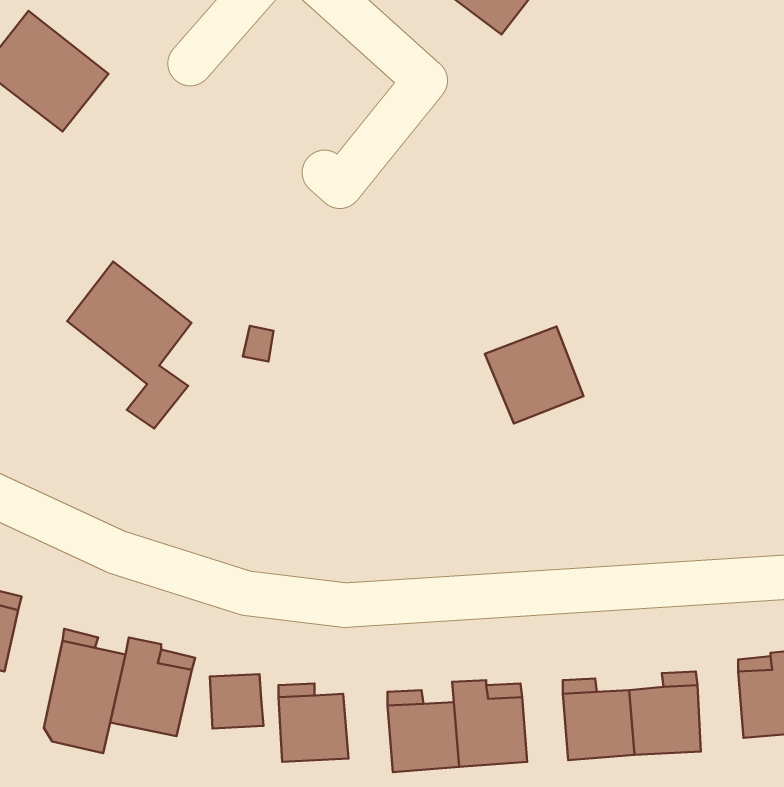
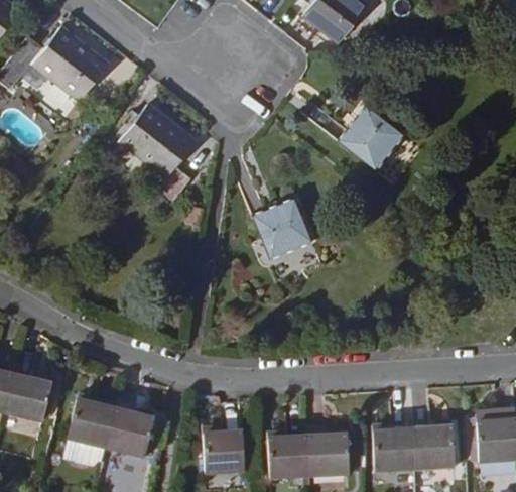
building: none -> [338,105,401,167]
building: [67,262,192,428] -> [118,106,191,205]
building: [485,326,584,424] -> [252,200,310,257]
building: [210,674,263,728] -> none

